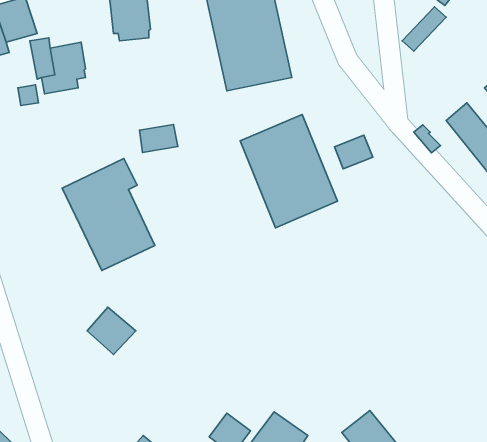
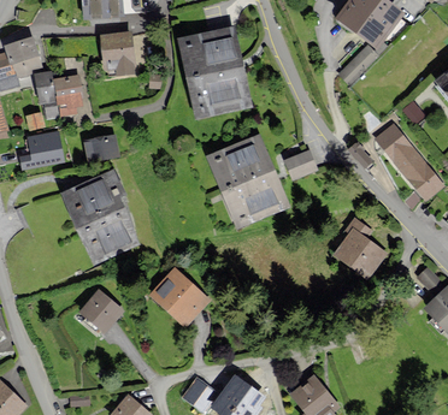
building: none -> [19,132,61,168]
building: [140,124,178,152] -> [84,136,116,159]
building: none -> [334,217,384,275]
building: none -> [149,269,207,325]

